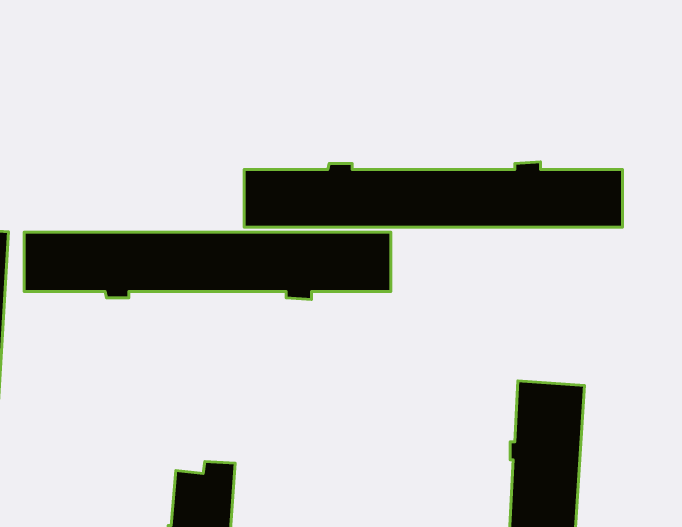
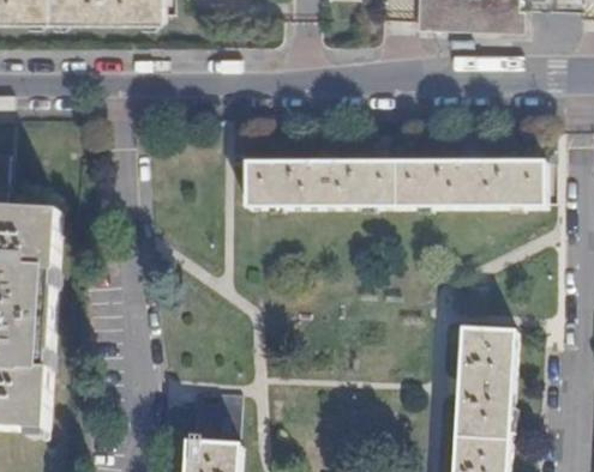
building: [24,232,391,299] -> none

